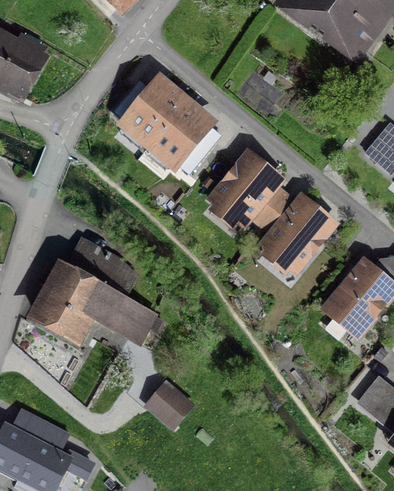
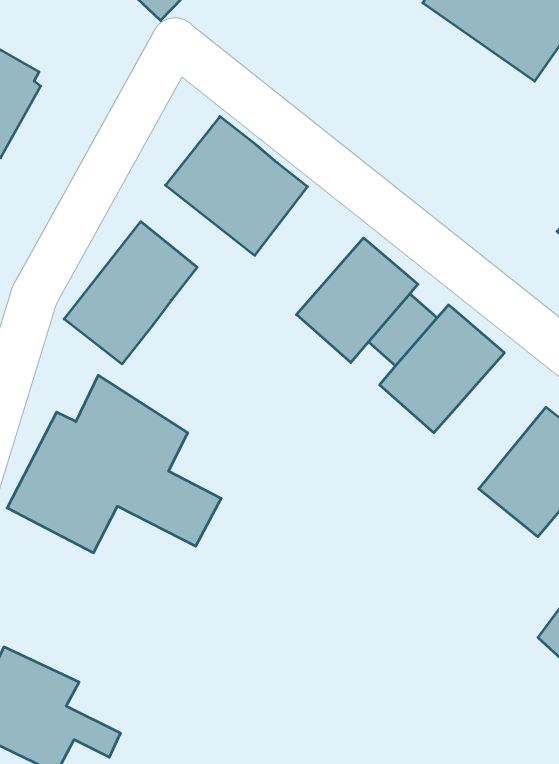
building: none -> [64,222,197,364]
building: [147,383,194,430] -> none

